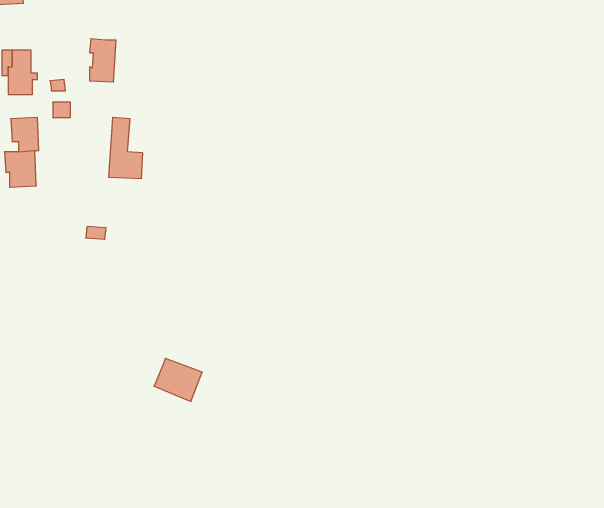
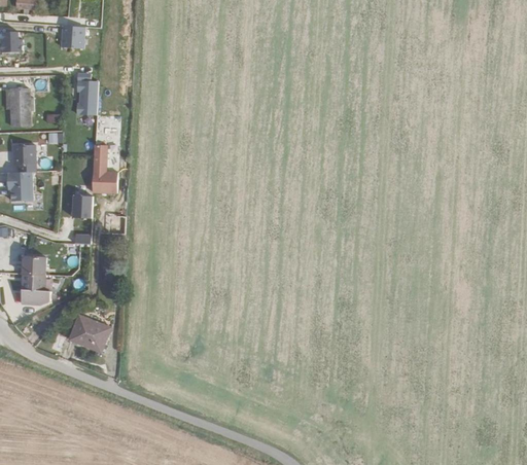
building: none -> [71,194,92,217]
building: none -> [22,256,48,302]
building: [154,358,202,401] -> [70,315,109,350]

